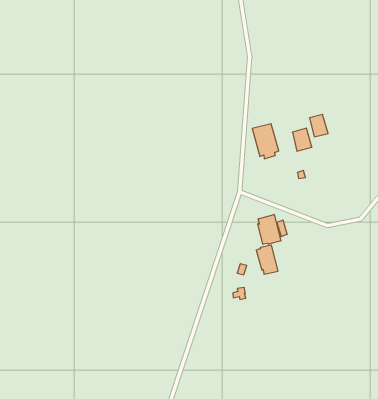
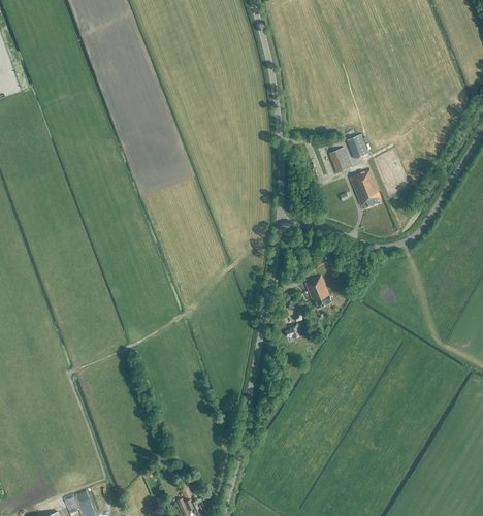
building: [252,124,279,159] -> [350,169,381,207]
building: [258,214,281,244] -> none

